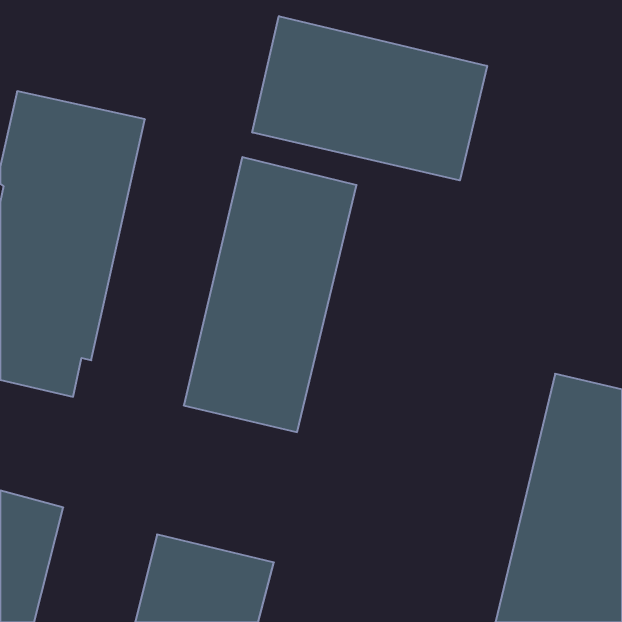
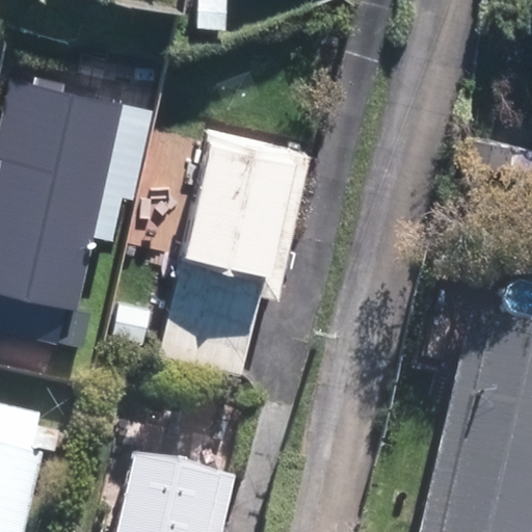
building: [252,16,487,180] -> none

